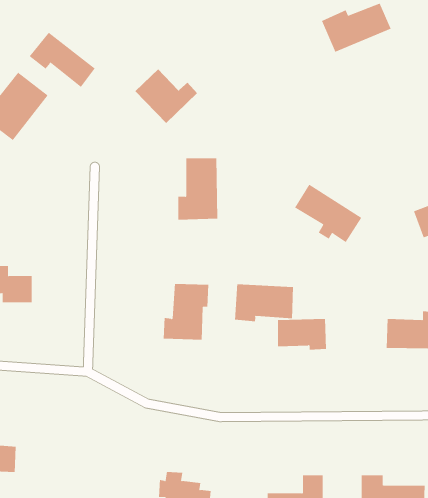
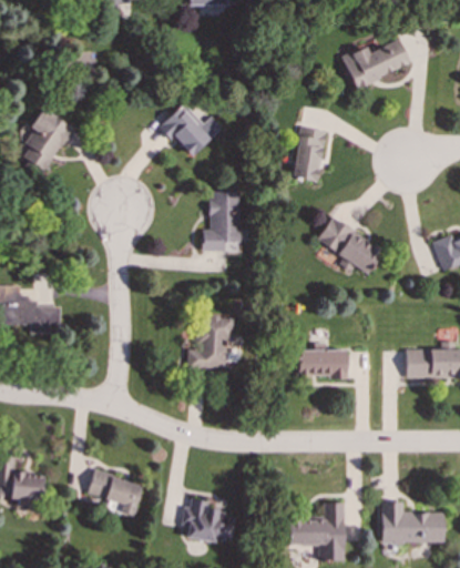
building: [29,32,96,88] -> none
building: none -> [293,128,326,182]
building: [235,283,293,322] -> none
building: none -> [88,470,143,516]

